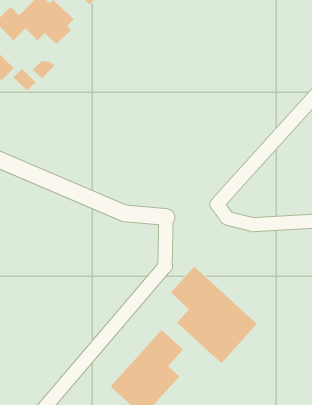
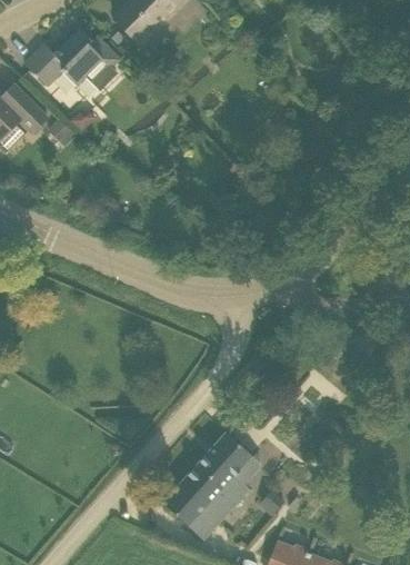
building: [170,266,257,364] -> none

